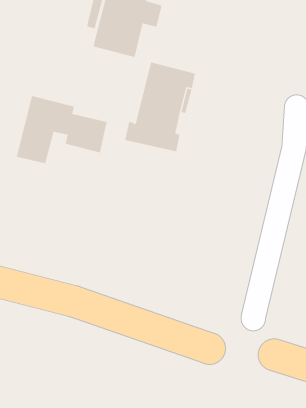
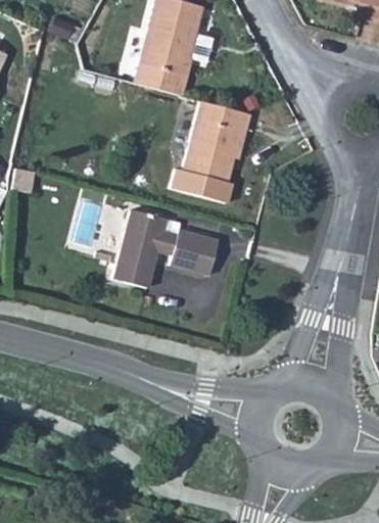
building: [16,95,108,164] -> [114,208,218,286]

